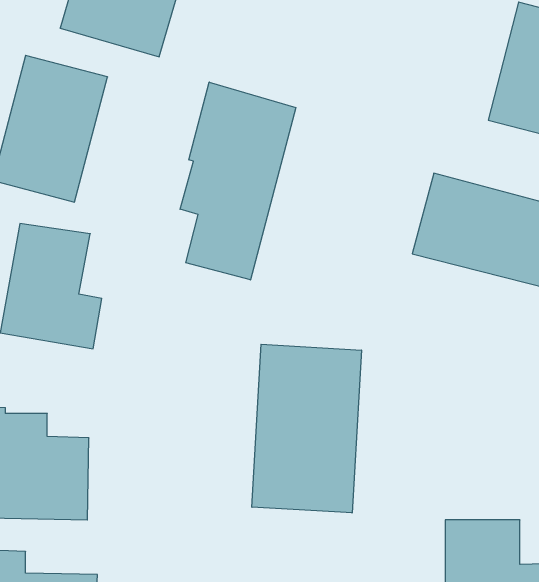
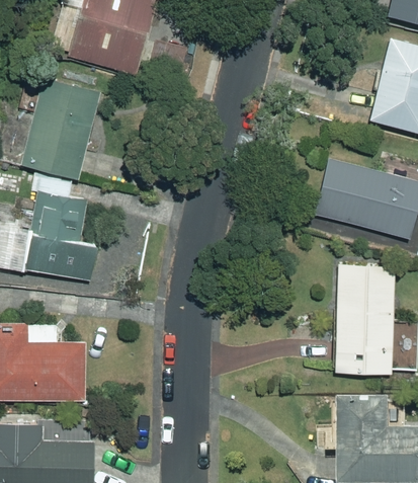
building: [180,82,296,280] -> none
building: none -> [334,265,399,376]
building: [252,344,361,513] -> none

